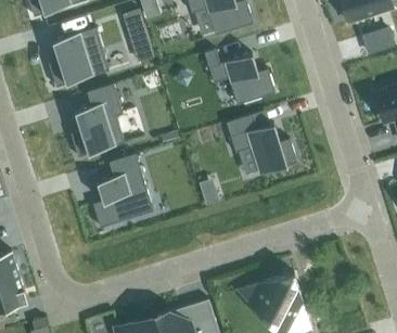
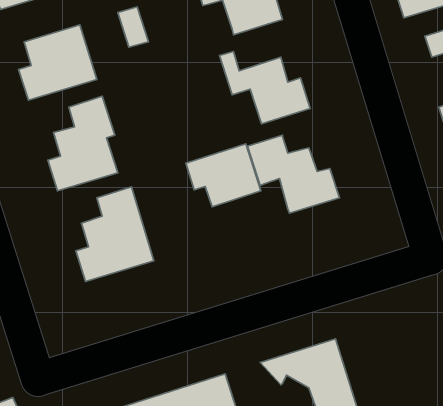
building: none -> [186,144,261,207]

